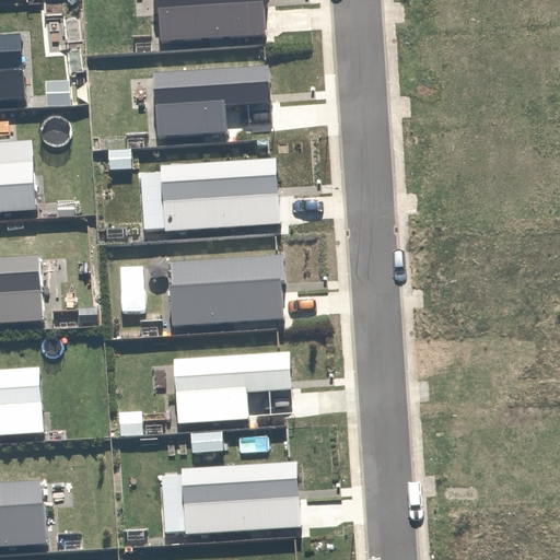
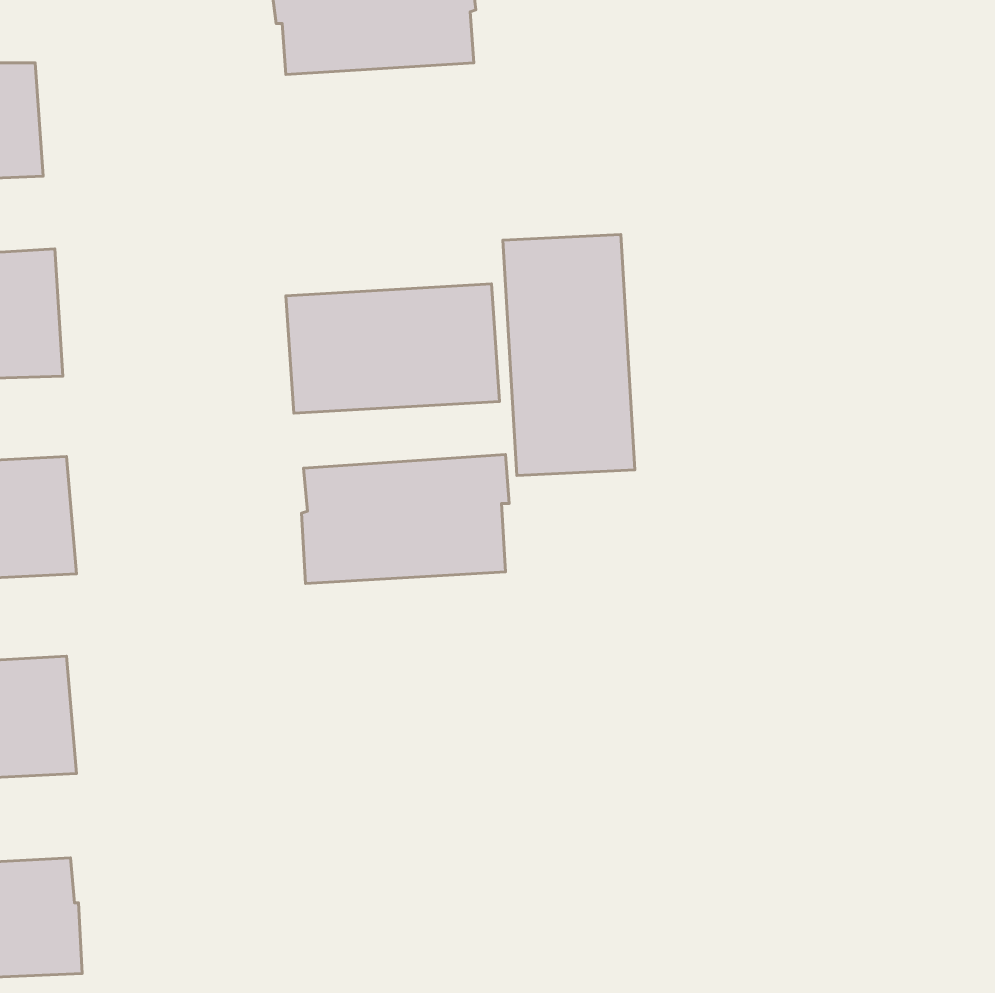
building: [152,65,269,137] -> none
building: none -> [503,234,635,475]
building: [173,351,291,423] -> none
building: [180,460,301,534] -> none

